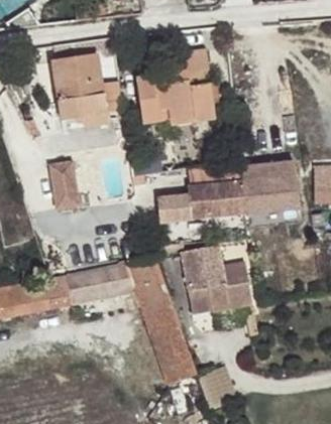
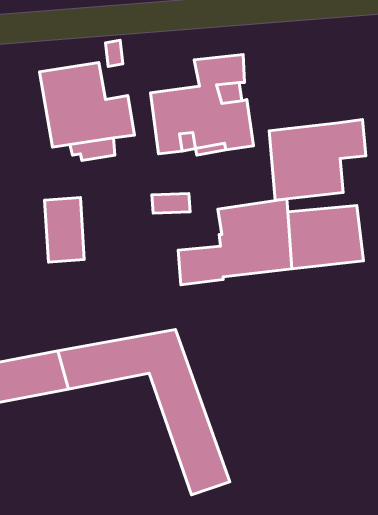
building: none -> [269,120,366,200]
building: [181,247,250,312] -> none

